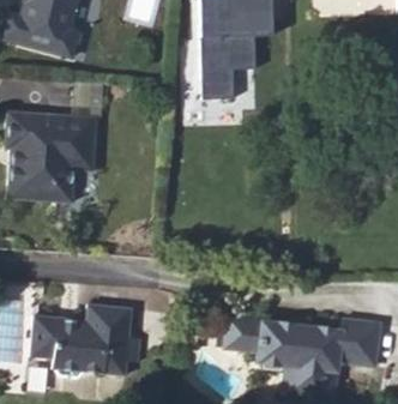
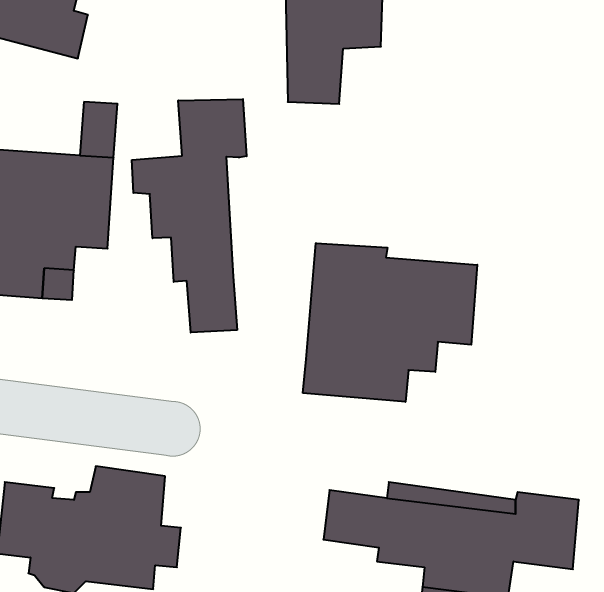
building: none -> [132,99,247,333]
building: none -> [303,243,477,402]

